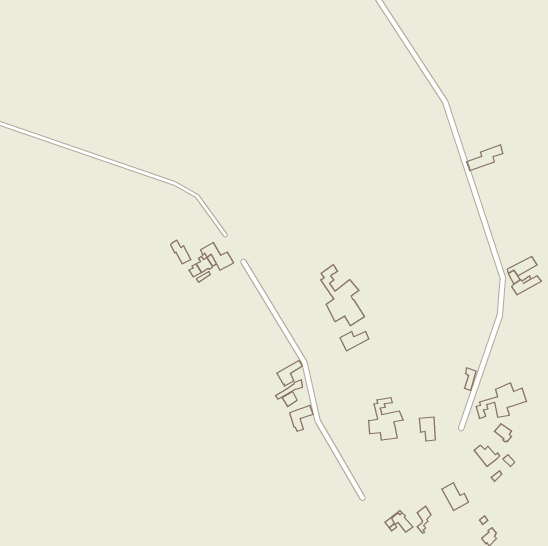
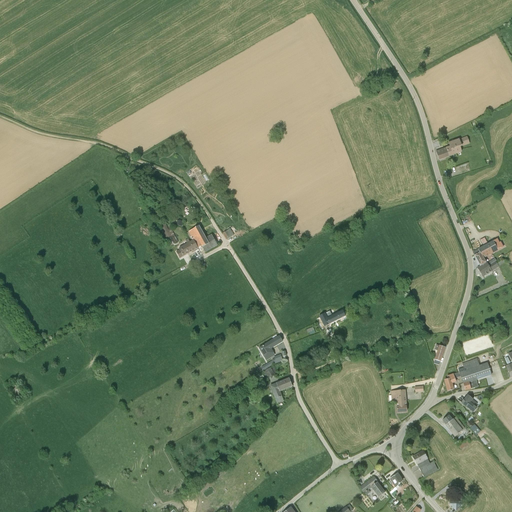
building: [321,265,364,326] -> none
building: [369,397,403,440] -> none

